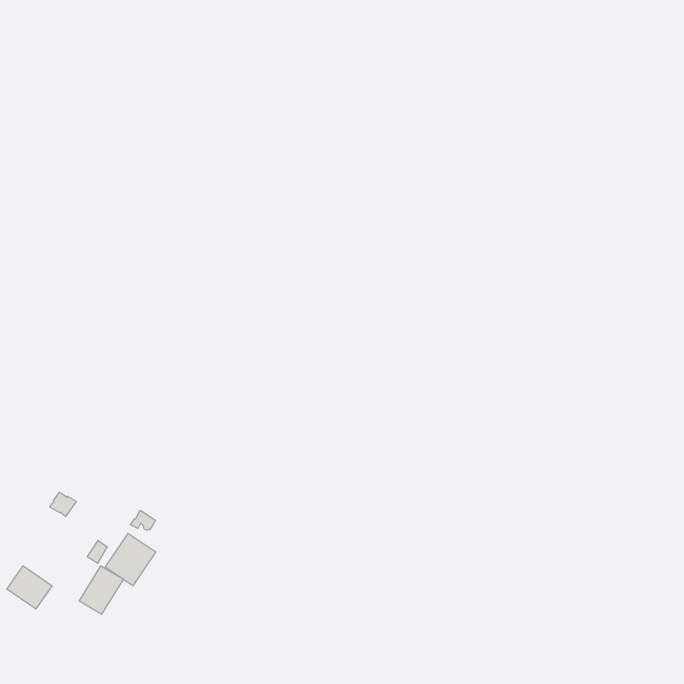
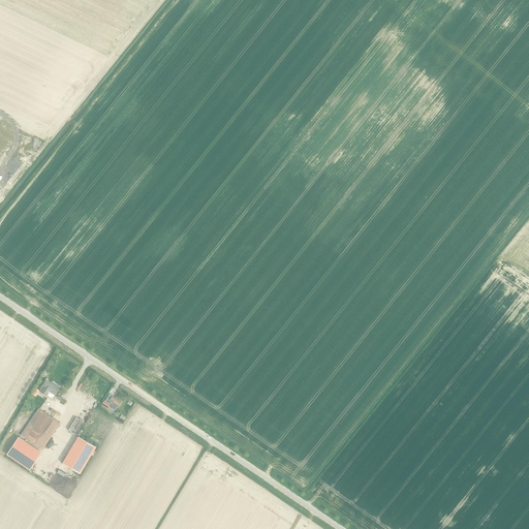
building: [105,533,156,586] -> [20,408,59,448]

